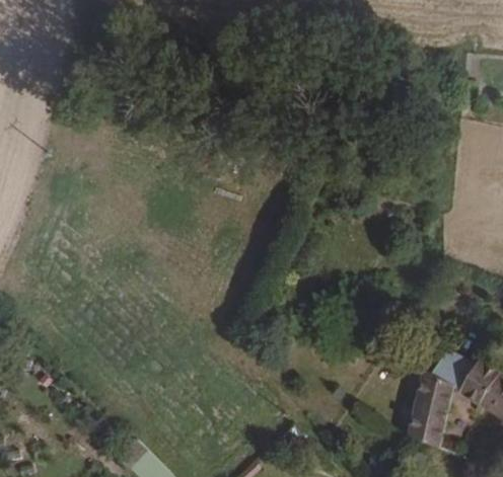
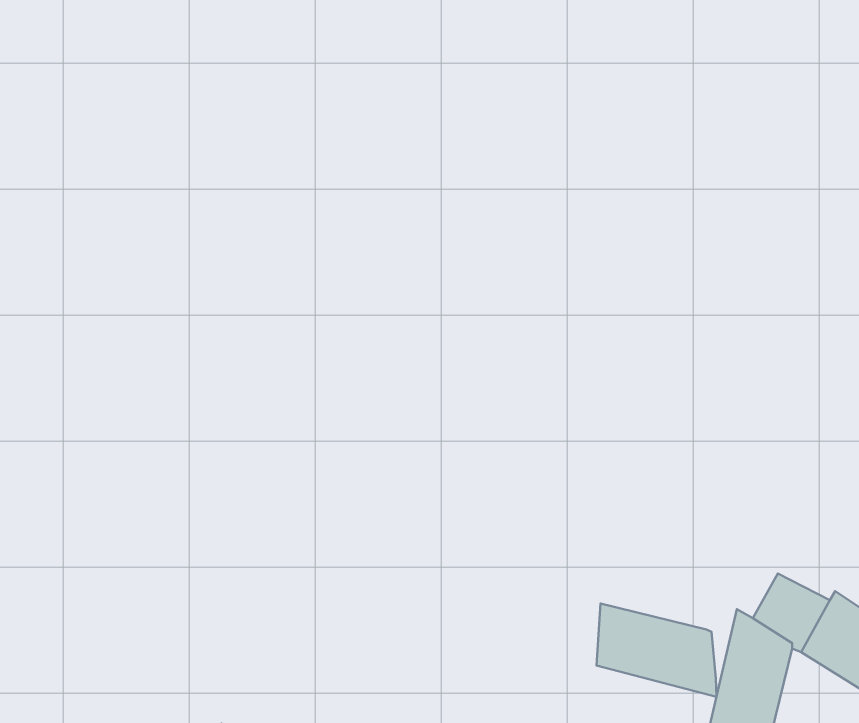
building: none -> [597,603,717,697]

